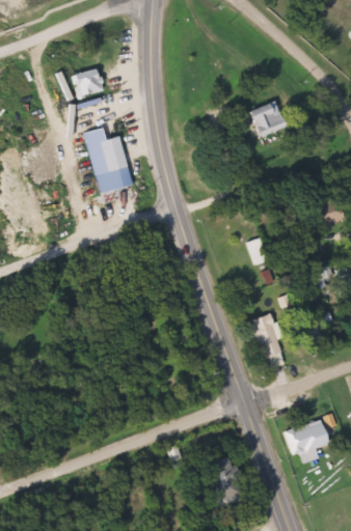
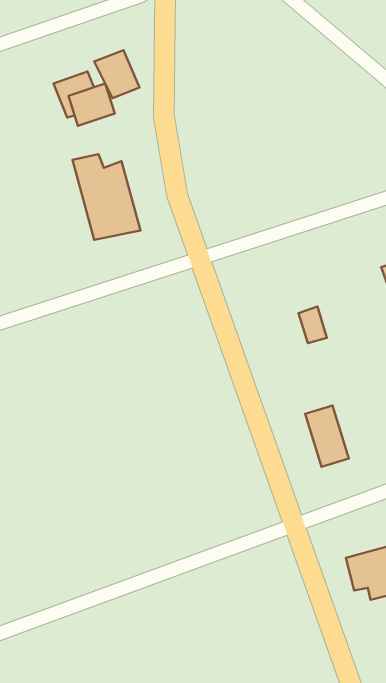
building: none -> [94,50,140,98]
building: [241,92,287,137] -> none
building: [212,459,246,508] -> none

